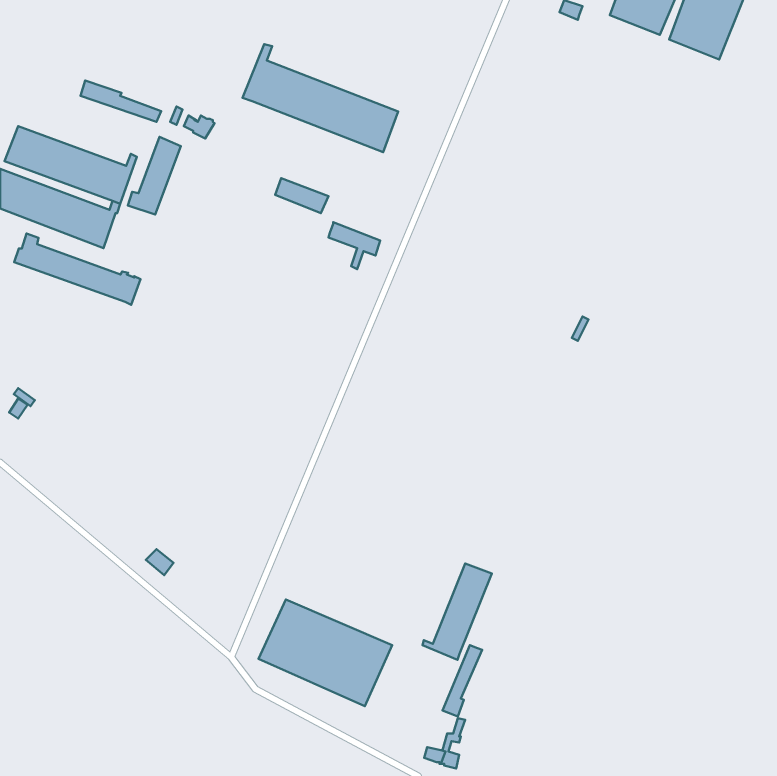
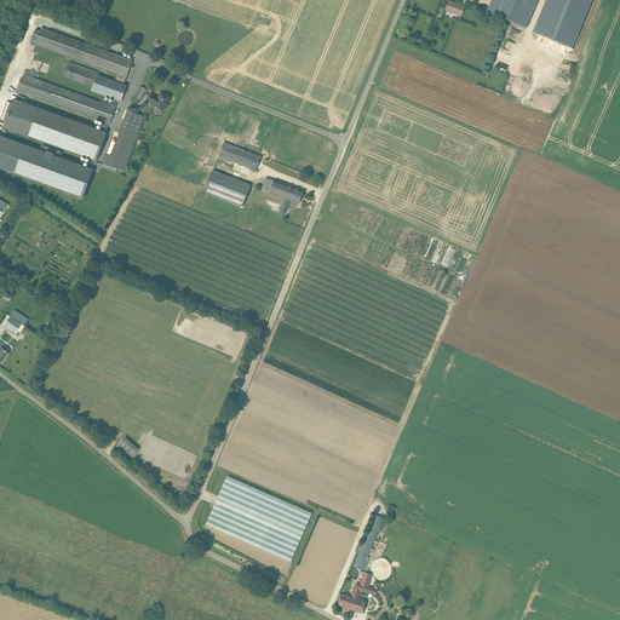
building: none -> [30,27,133,84]
building: [243,44,398,152] -> none
building: none -> [205,170,251,206]
building: [14,233,140,305] -> [16,68,116,125]
building: [423,564,492,660] -> none

